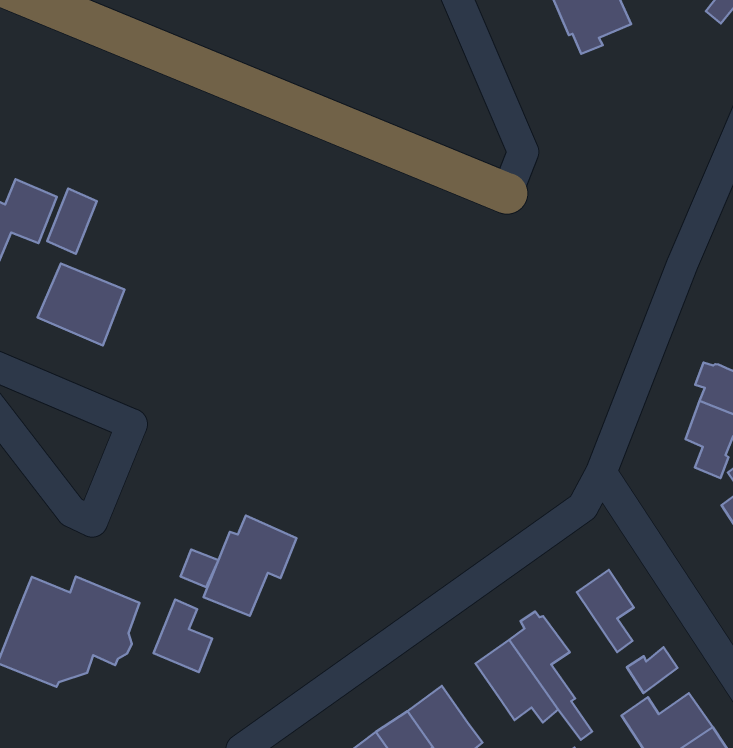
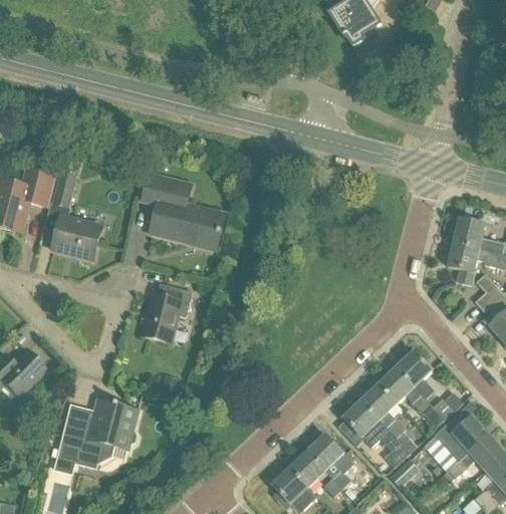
building: none -> [143,174,224,243]
building: [204,515,297,616] -> [142,282,192,341]
building: none -> [378,365,432,413]
building: [154,599,212,672] -> none

